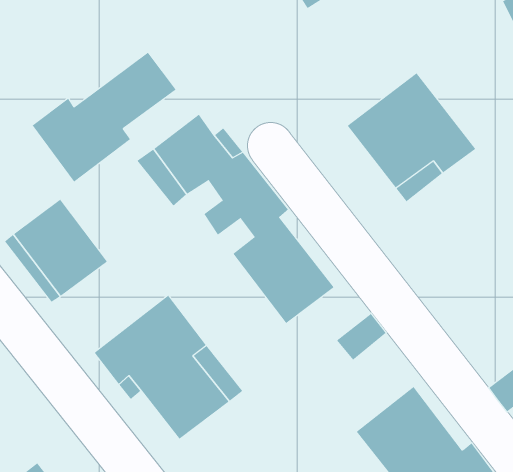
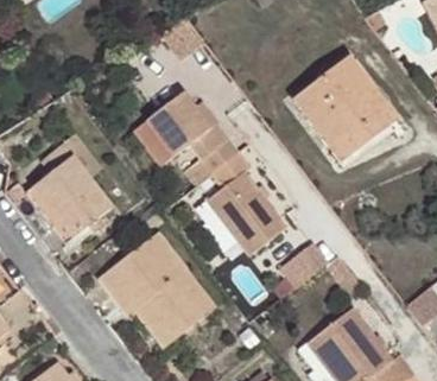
building: [32,52,177,183] -> none

